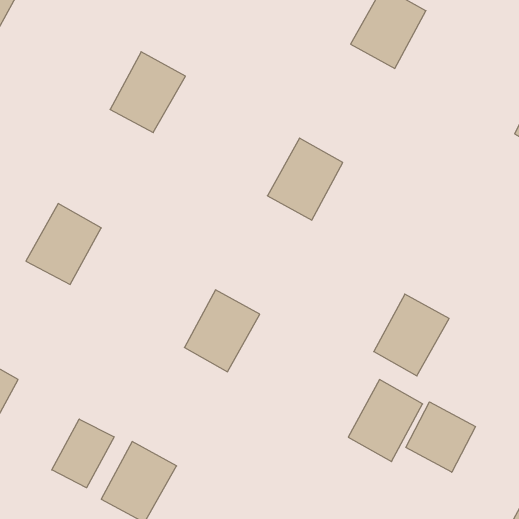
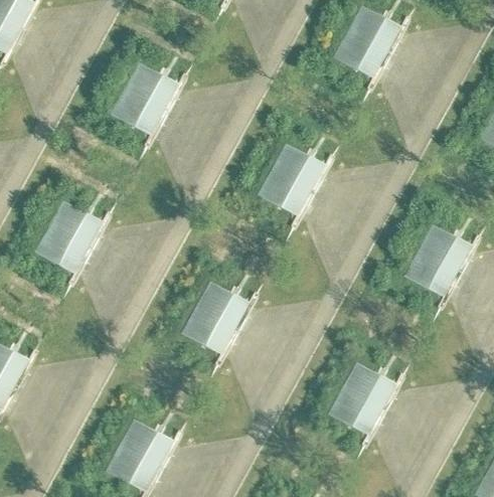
building: [374,294,449,376] -> [404,223,473,298]
building: [406,402,475,472] -> none
building: [52,419,114,488] -> none

